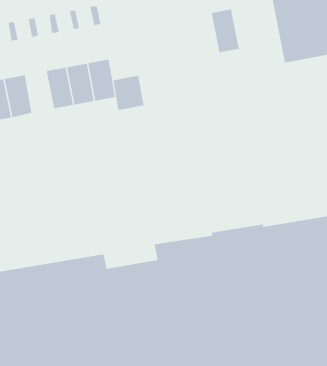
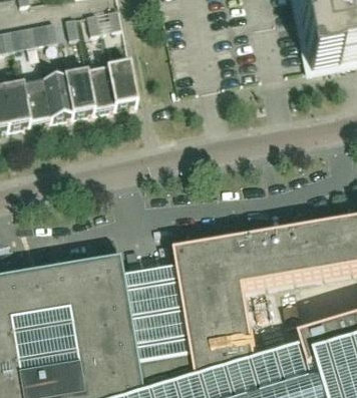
building: [211,9,239,53] -> none
building: none -> [43,74,72,117]
building: [113,75,144,111] -> none

